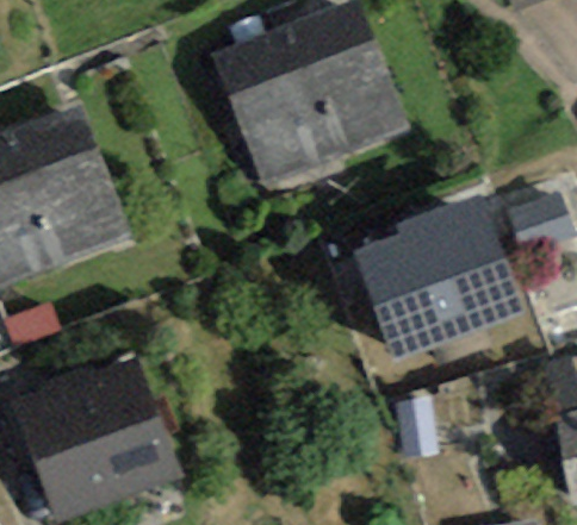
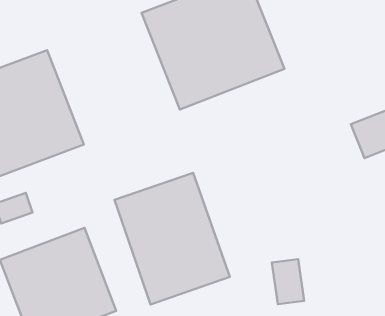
building: [358,198,520,357] -> none
building: none -> [114,173,230,304]

